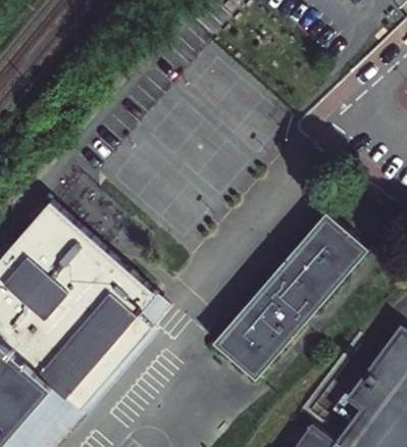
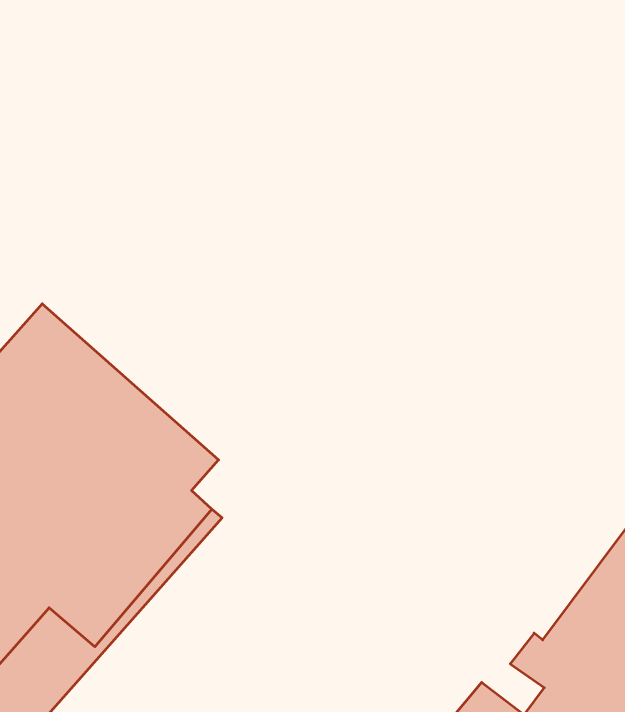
building: [213,211,369,377] -> none

